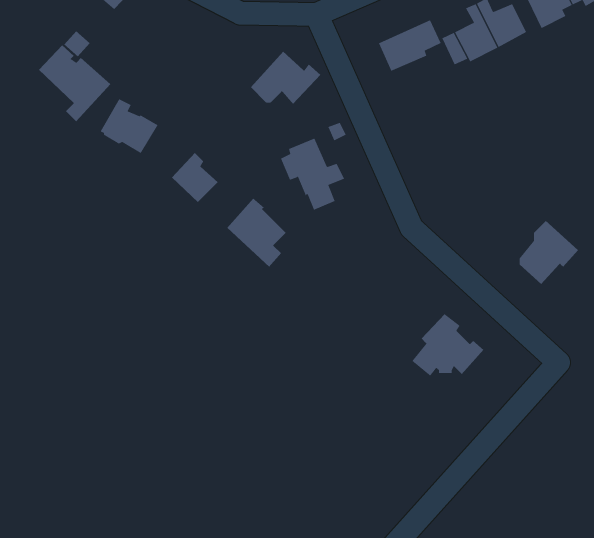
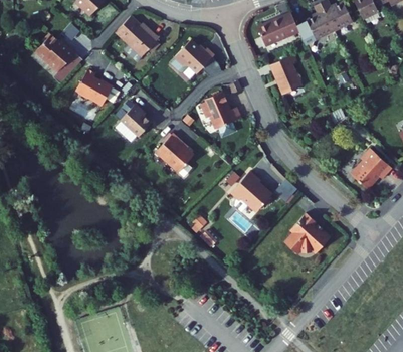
building: none -> [123,13,167,55]
building: none -> [270,58,309,100]
building: none -> [229,170,271,211]

